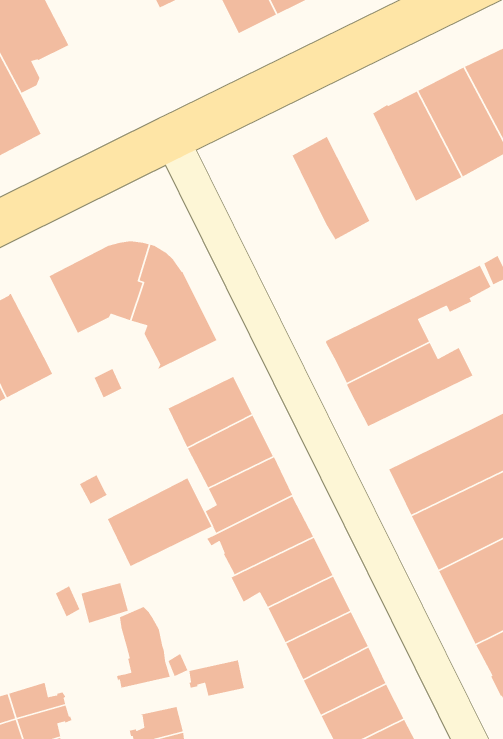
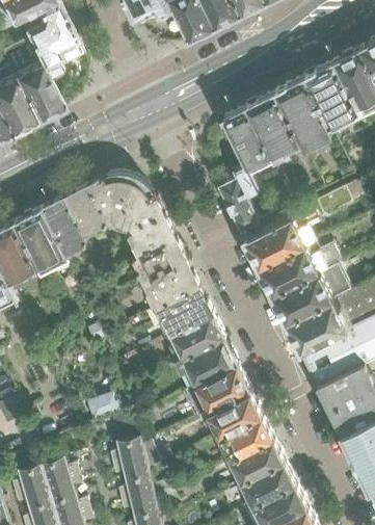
building: none -> [245,93,302,169]
building: none -> [214,164,259,233]
building: none -> [42,198,86,255]
building: none -> [135,239,185,283]
building: none -> [271,262,346,322]
building: [107,477,213,567] -> none
building: [189,659,245,696] -> [112,456,149,480]

